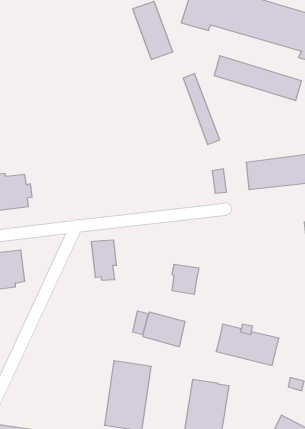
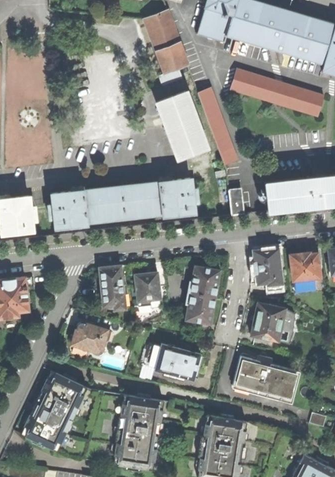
building: none -> [156,91,208,159]
building: none -> [48,178,198,228]
building: none -> [252,248,283,292]
building: none -> [290,251,321,291]
building: none -> [188,265,220,296]
building: none -> [135,272,160,307]
building: none -> [251,303,285,340]
building: none -> [72,322,111,351]
building: none -> [22,371,87,451]

